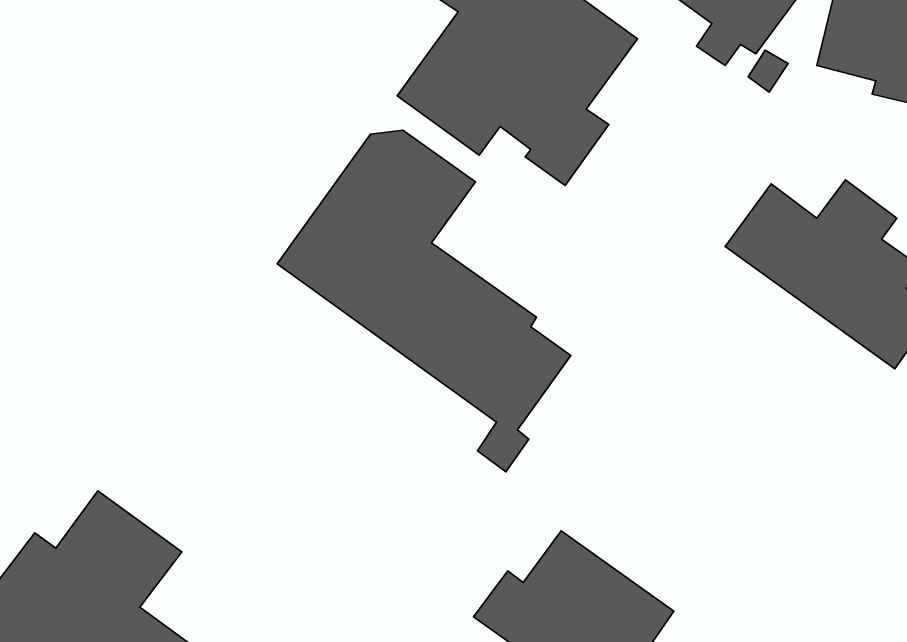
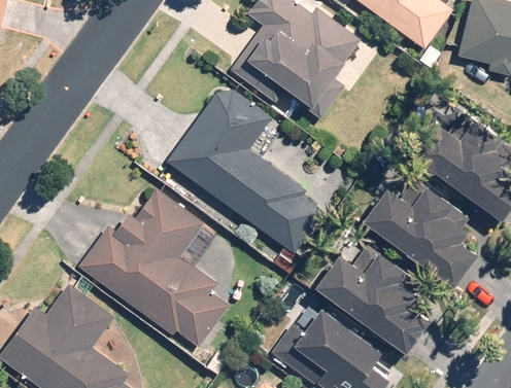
building: none -> [361,183,475,285]
building: none -> [79,191,229,348]
building: none -> [313,251,428,353]

